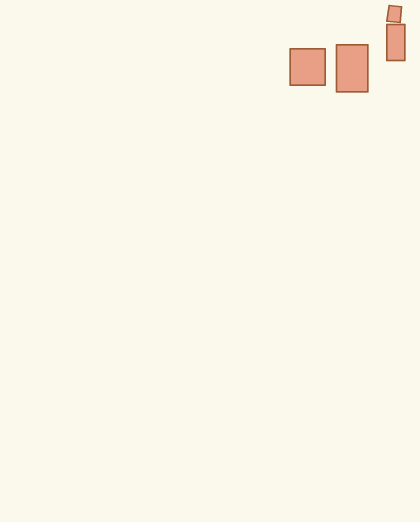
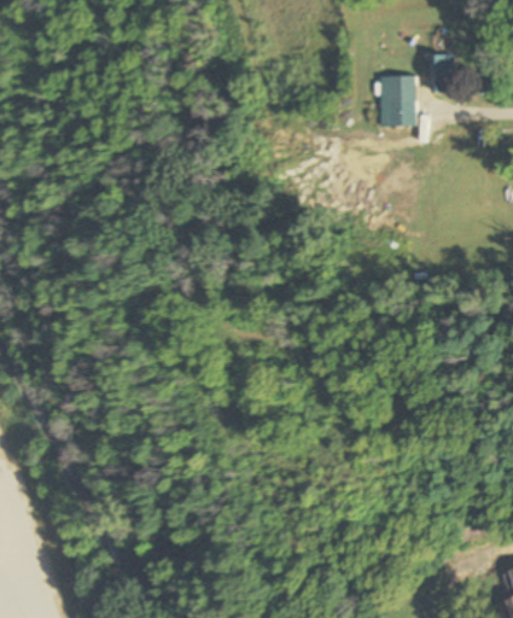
building: [290,49,325,85] -> none

